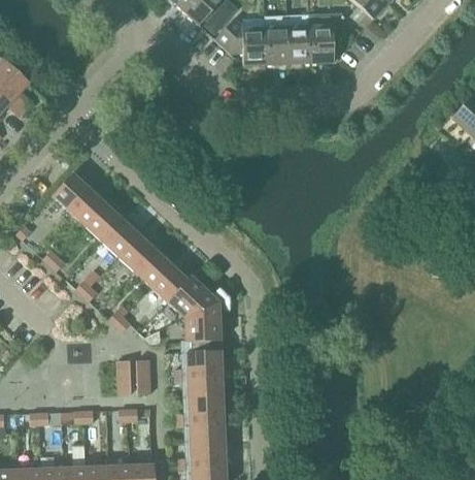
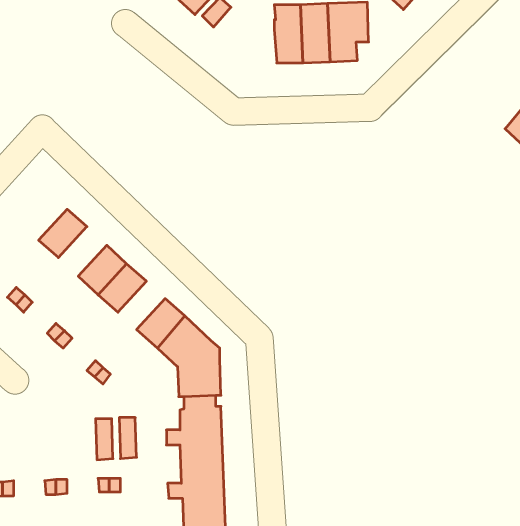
building: [220,17,267,65] -> none
building: [53,170,93,212] -> none
building: [86,200,126,242] -> none
building: [135,246,174,286] -> none

